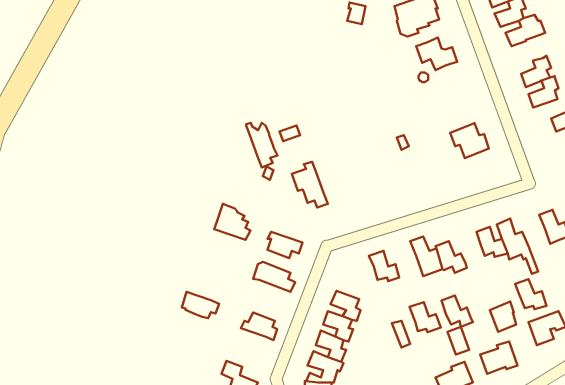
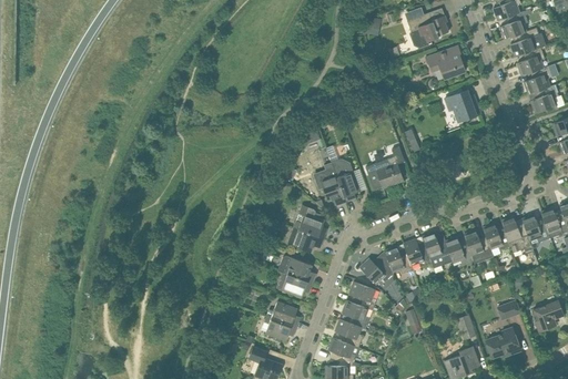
building: none -> [517,47,545,75]
building: [246,123,278,168] -> [332,161,361,202]
building: [450,123,489,158] -> [445,90,480,122]
building: none -> [365,145,404,190]
building: [214,204,250,240] -> [294,204,327,237]
building: none -> [359,258,393,284]
building: [515,279,547,309] -> [521,214,550,242]
building: none -> [281,272,312,297]
building: [182,292,219,318] -> [262,316,296,340]
building: [441,296,473,327] -> [464,229,493,258]
building: [409,302,441,332] -> [403,238,432,266]

